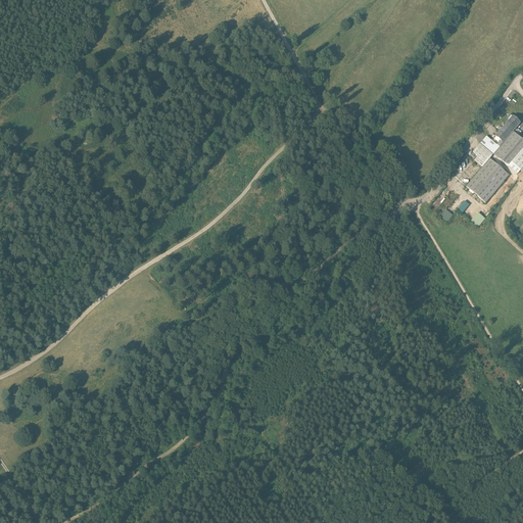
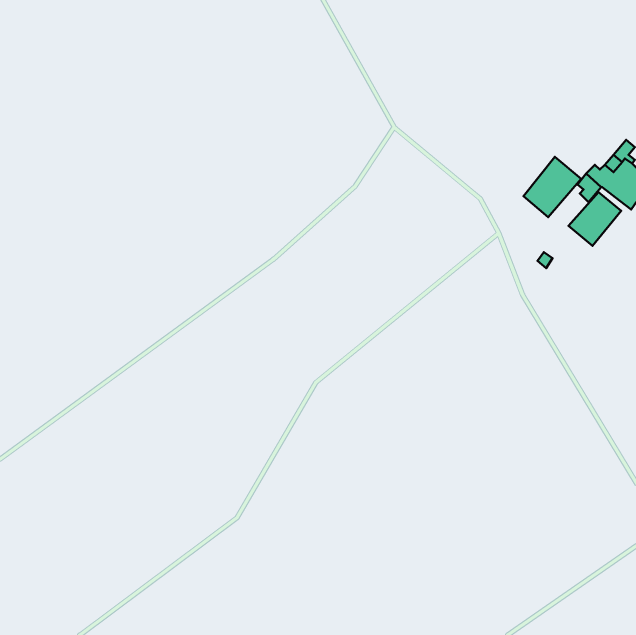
building: none -> [523,157,581,217]

